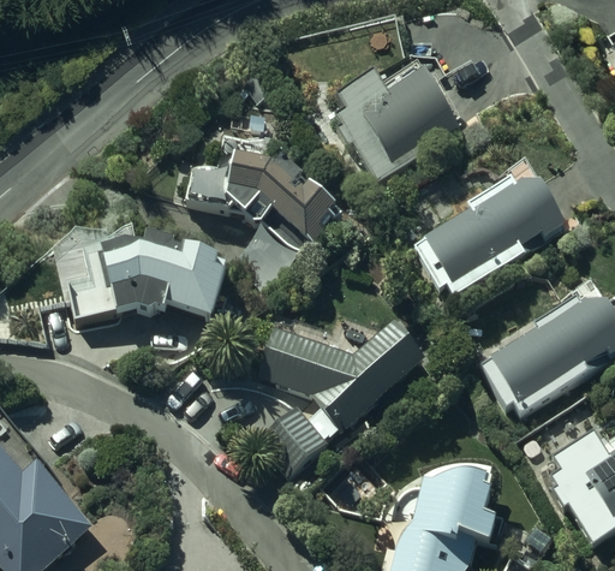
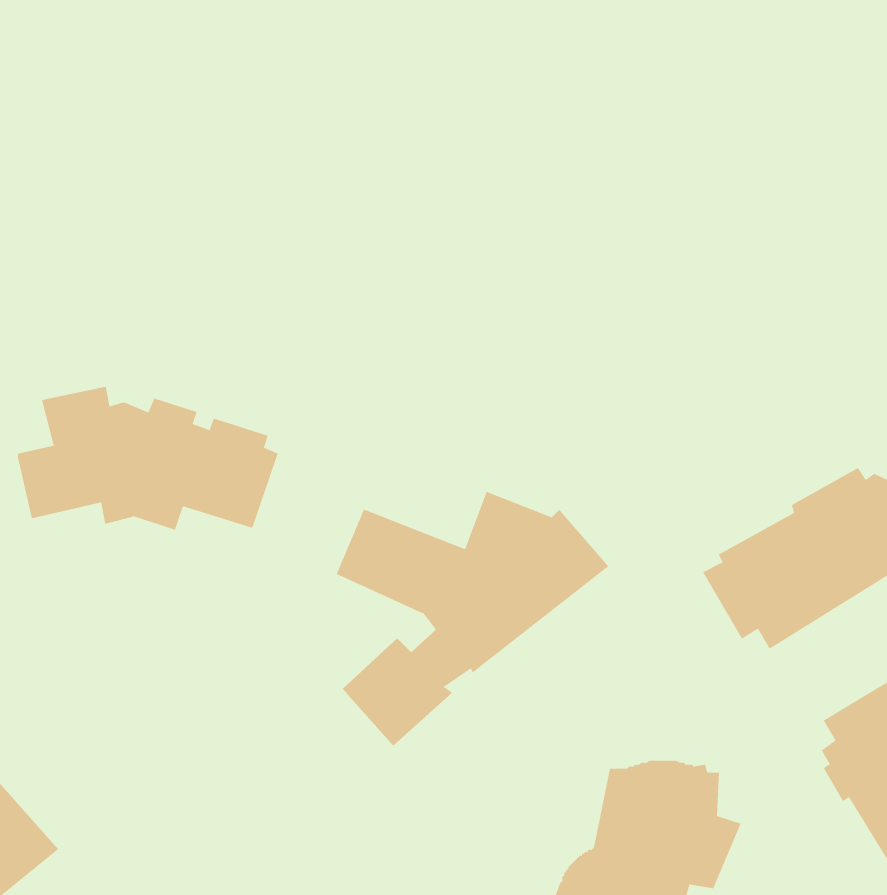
building: [335,63,456,176] -> none
building: [185,126,340,243] -> none
building: [413,184,562,295] -> none

